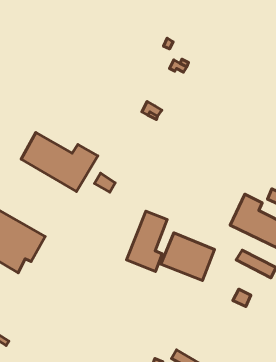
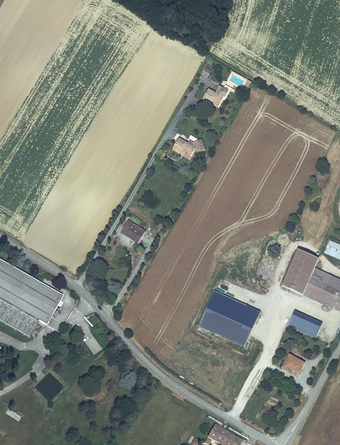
building: [21,133,98,191] -> none
building: [127,211,167,272] -> none

